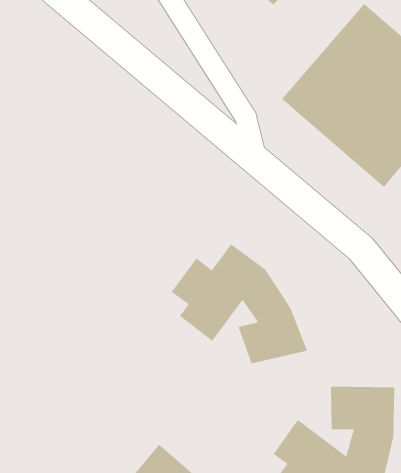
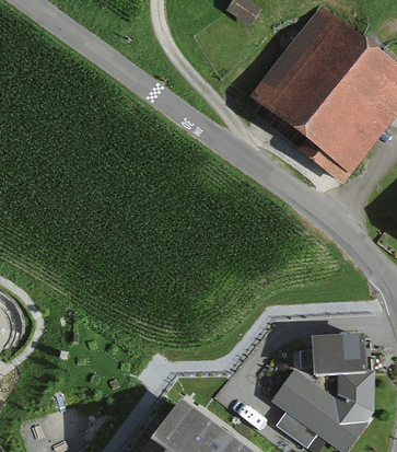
building: [171,243,308,364] -> none

